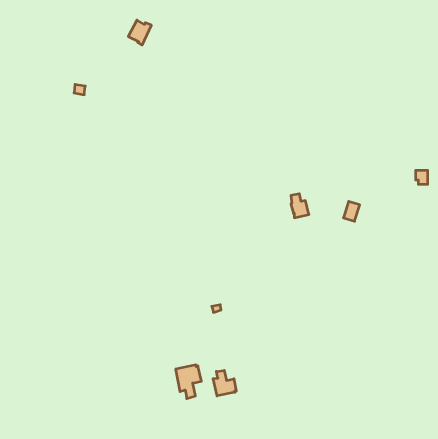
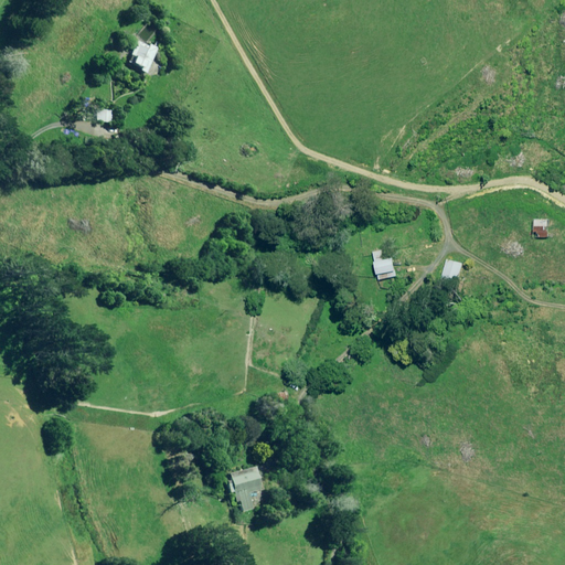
building: [128,20,151,45] -> [127,40,157,72]
building: [213,370,236,396] -> none

